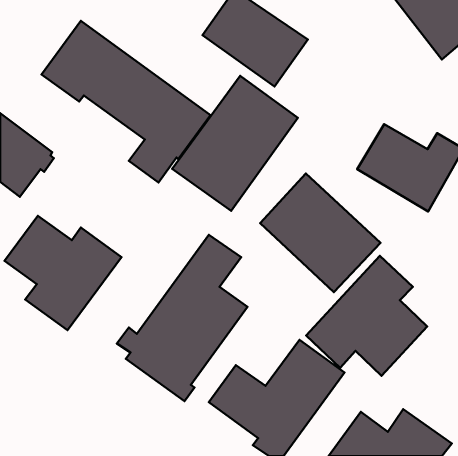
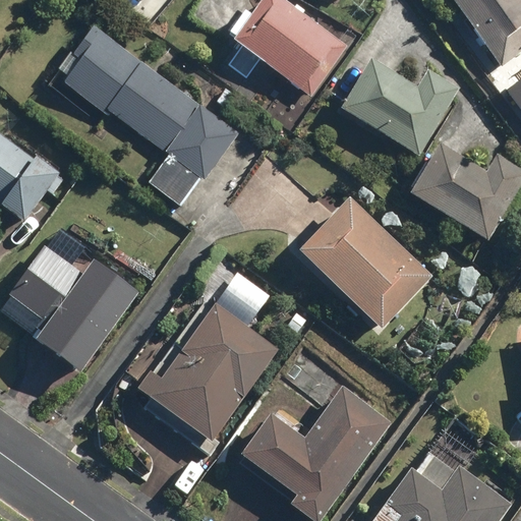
building: none -> [339,58,461,158]
building: [172,76,298,211] -> none
building: [306,256,427,376] -> none

